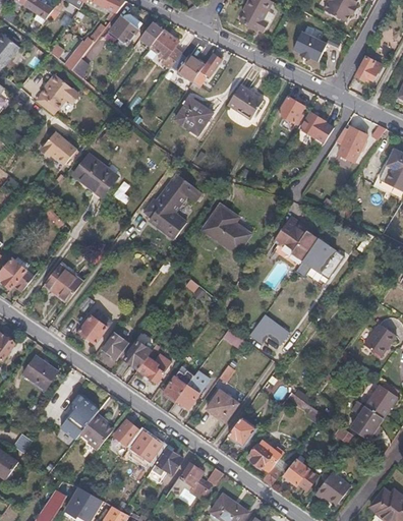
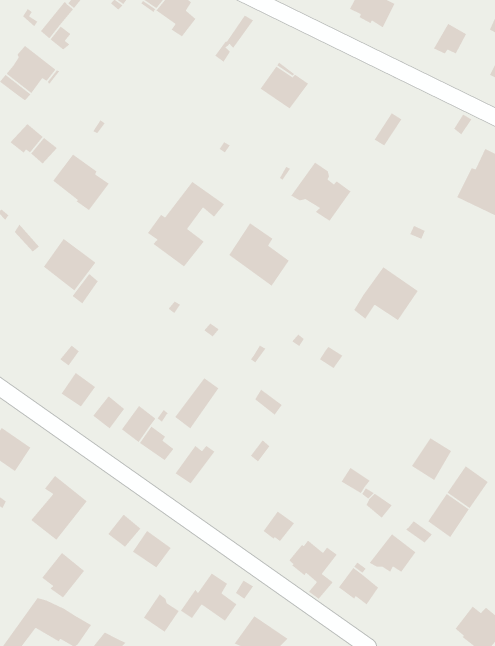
building: [170,54,204,82] -> none
building: [278,98,303,124] -> none
building: [176,99,211,133] -> none
building: [298,113,325,143] -> none
building: [335,126,367,162] -> none
building: [274,214,320,258] -> [290,161,352,222]
building: [44,263,83,302] -> [43,238,97,291]
building: [250,314,290,344] -> none
building: [365,323,396,355] -> [411,437,452,481]
building: [176,369,210,408] -> [174,377,219,429]
building: [207,390,237,420] -> none
building: [80,416,113,451] -> [41,552,85,598]
building: [156,446,183,475] -> [143,593,180,633]
building: [314,471,350,501] -> [369,533,417,573]

